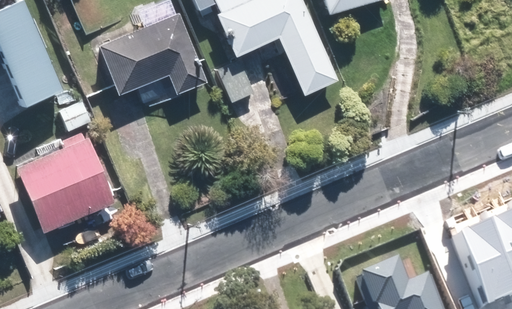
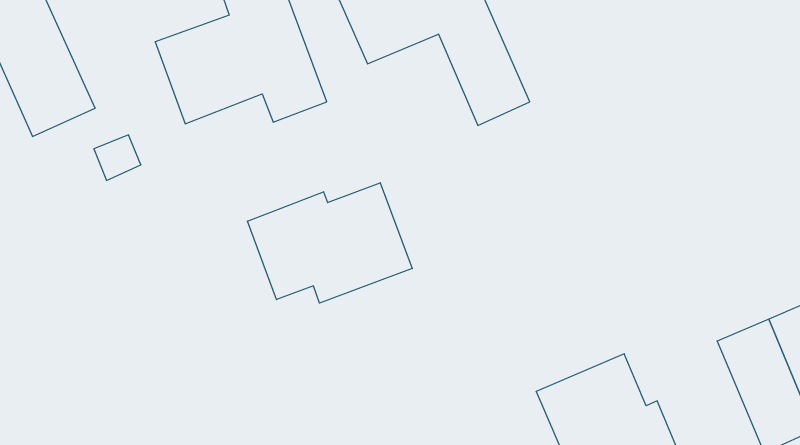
building: [14,130,118,234] -> none
building: none -> [247,183,412,303]

